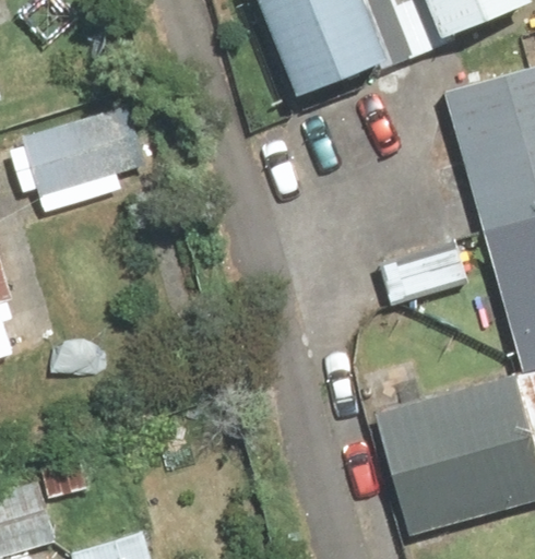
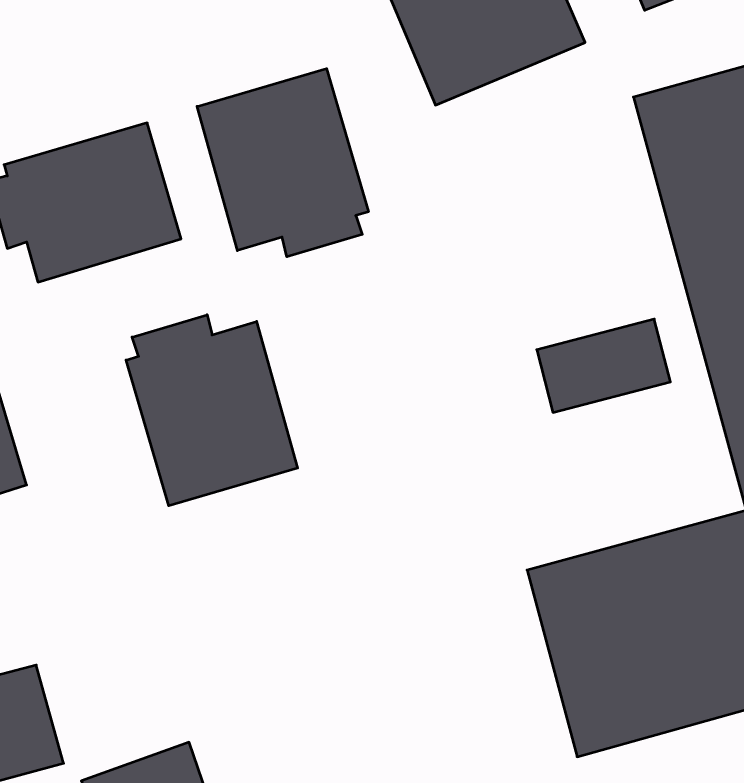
building: none -> [197,69,368,257]
building: none -> [126,315,298,506]

